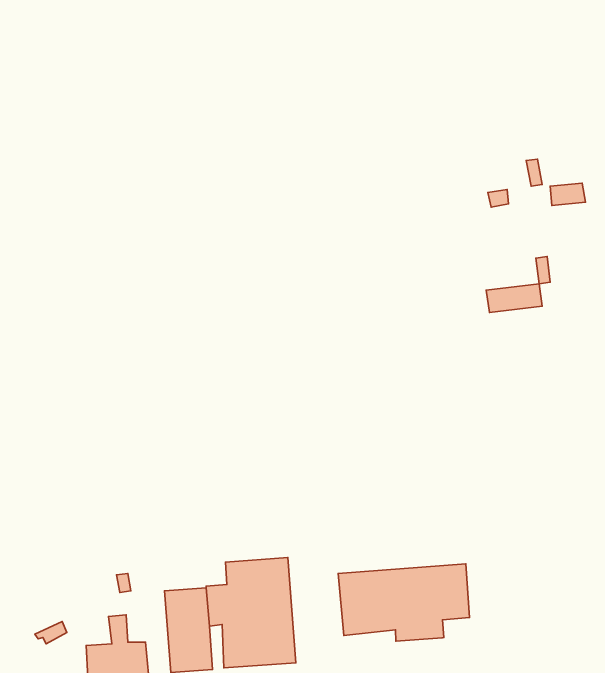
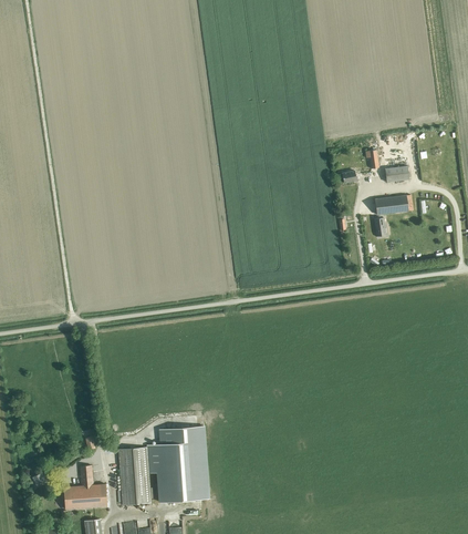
building: [486,284,542,313] -> [374,195,413,215]
building: [338,564,470,641] -> none

